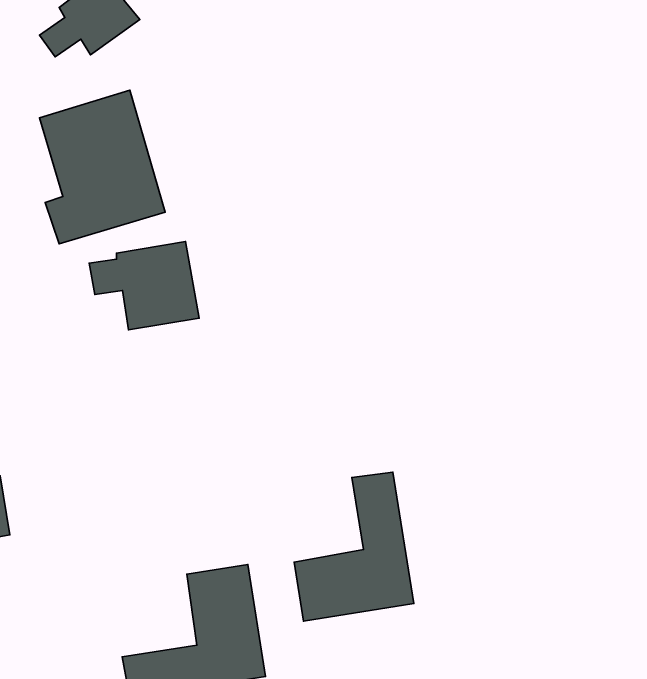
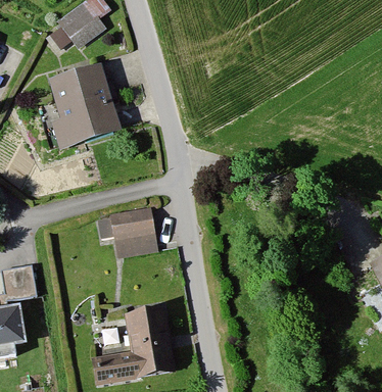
building: [89,241,199,330] -> [99,209,156,255]
building: [294,472,414,621] -> none

